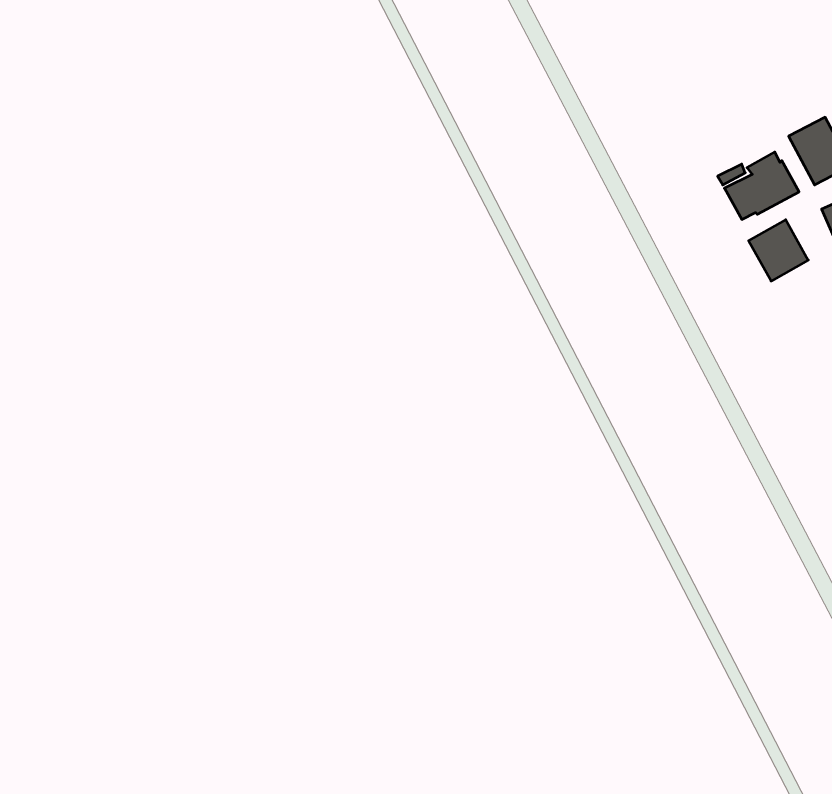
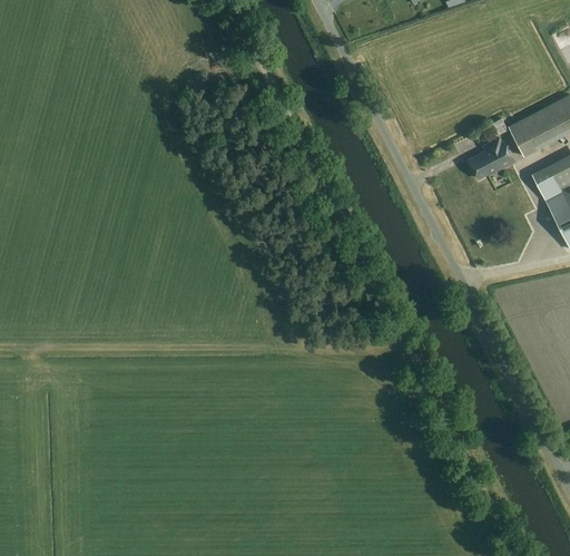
building: [749,220,808,281] -> none

